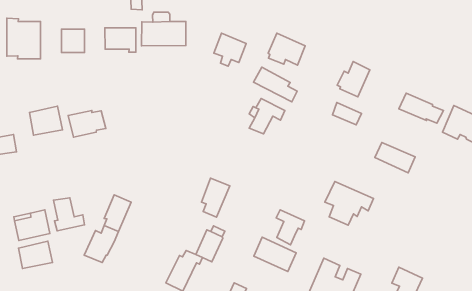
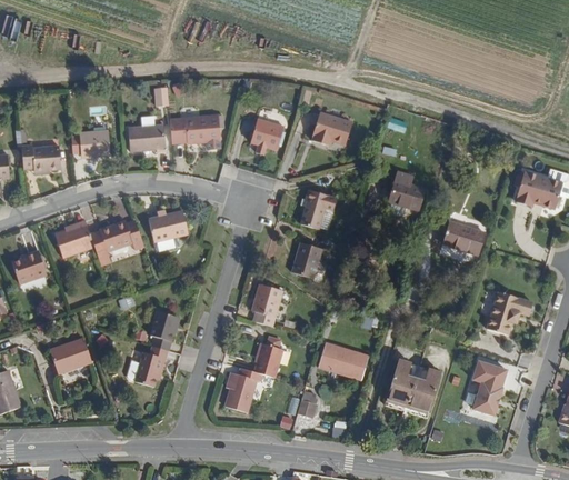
building: [337,61,370,97] -> none
building: [254,67,297,102] -> none
building: [399,93,443,123] -> none
building: none -> [146,211,183,243]
building: none -> [291,239,320,274]
building: [325,181,374,225] -> [479,286,532,332]
building: [53,198,85,231] -> none
building: [276,210,305,245] -> none
building: [18,241,53,268] -> none

